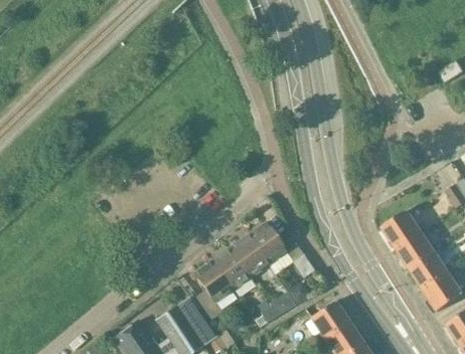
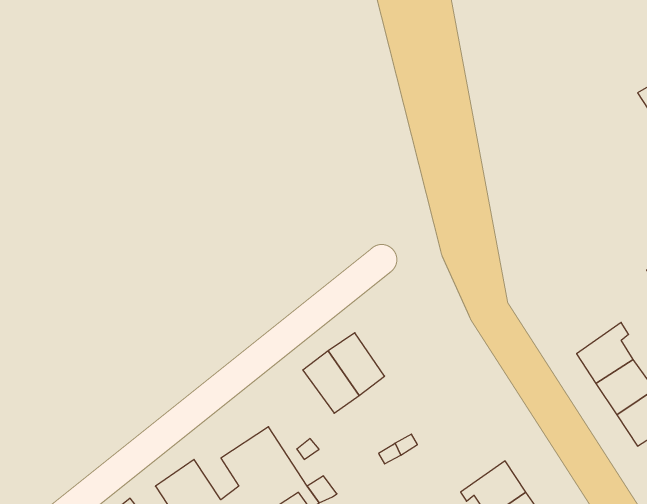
building: [382,210,427,248] -> none
building: [247,220,303,263] -> none
building: [193,259,233,302] -> none
building: [309,301,348,342] -> none

